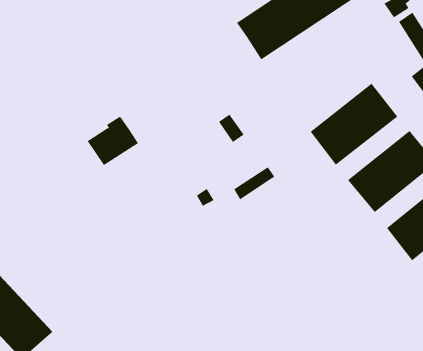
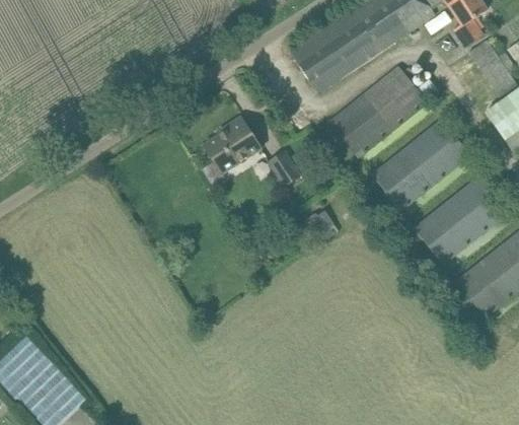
building: none -> [329,67,428,158]
building: [87,116,139,166] -> [204,118,262,173]

